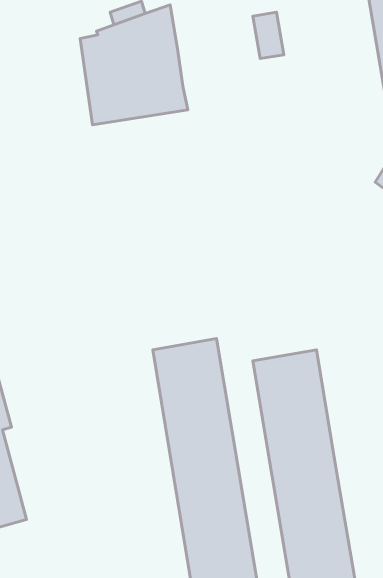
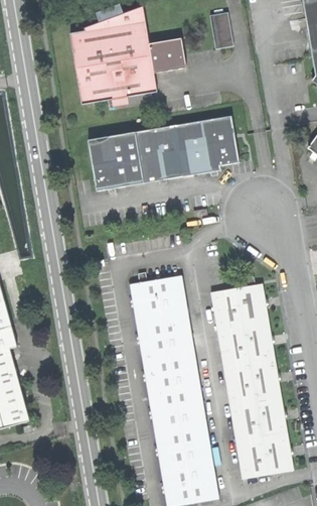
building: none -> [150,37,187,71]
building: none -> [88,115,239,191]

